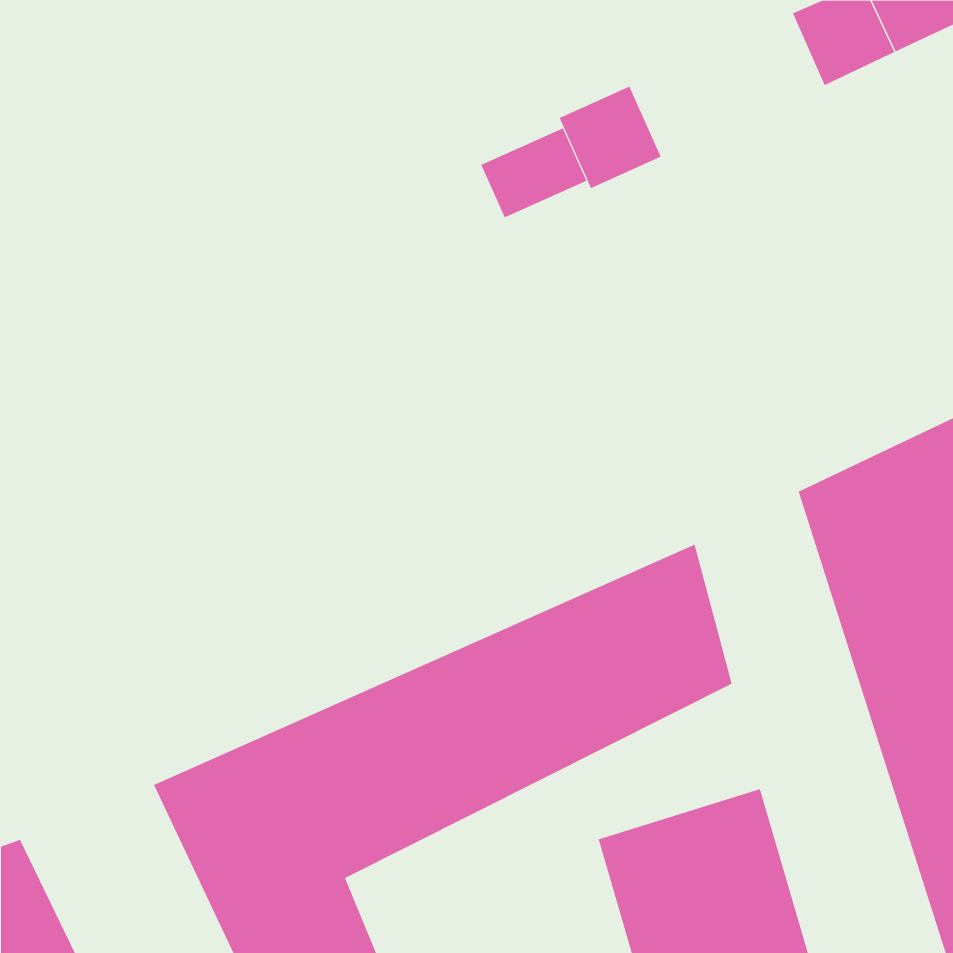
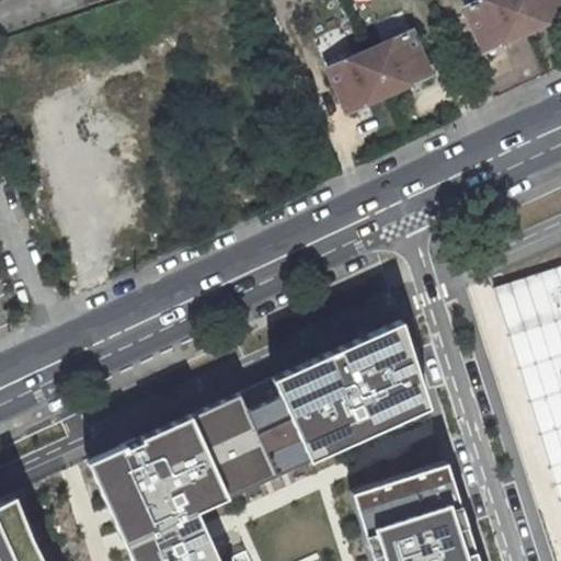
building: none -> [370,33,431,93]
building: [480,127,587,218] -> none

